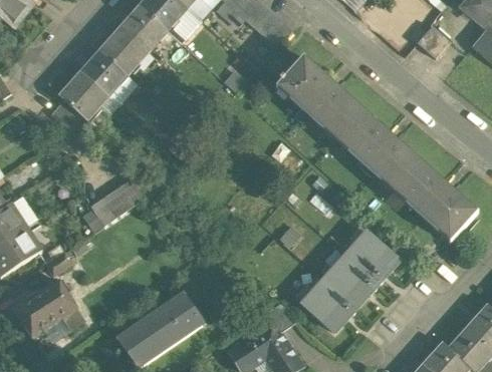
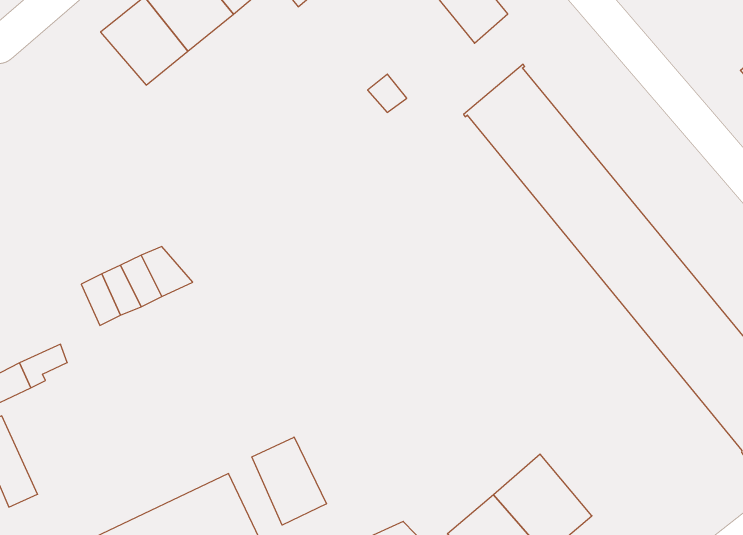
building: [58,71,108,120] -> none
building: [344,233,398,285] -> none
building: none -> [252,437,326,525]

